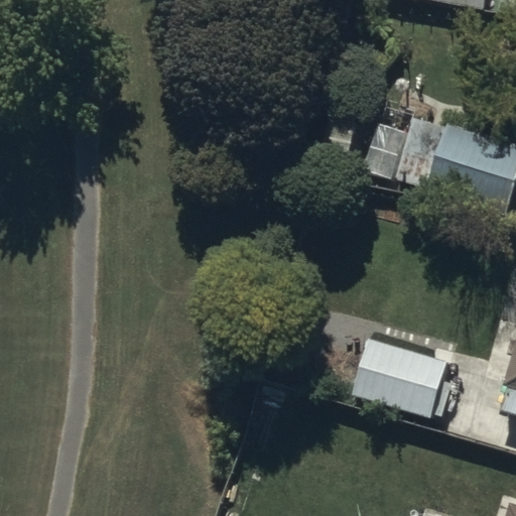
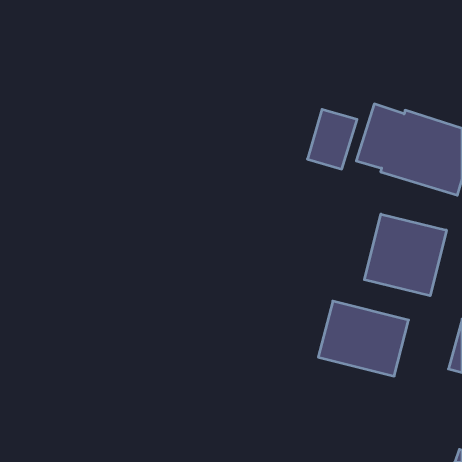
building: none -> [364,214,446,296]

